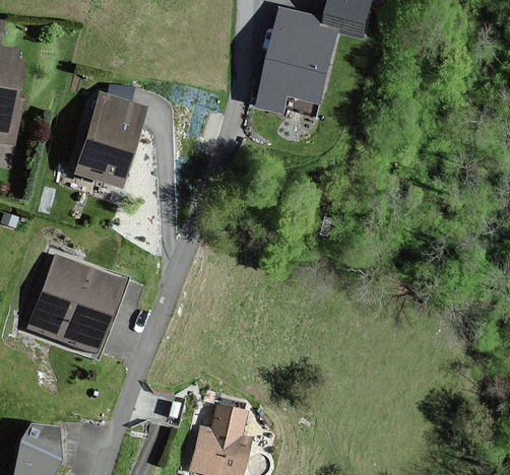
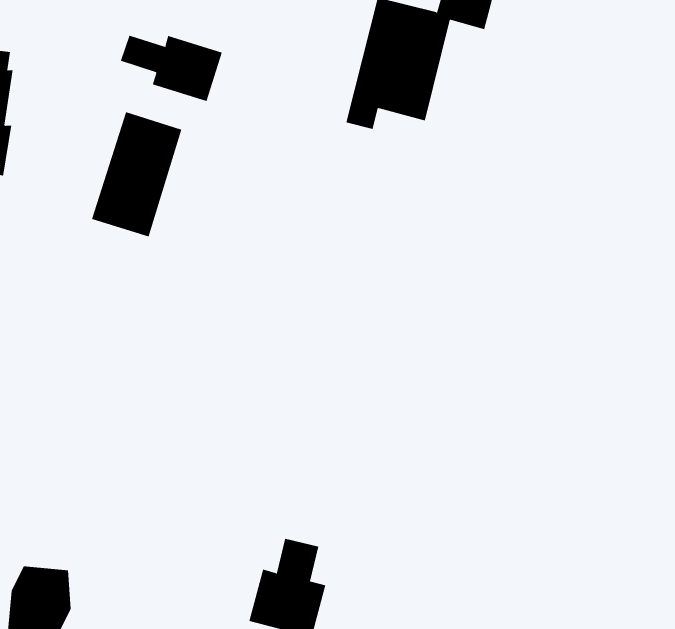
building: none -> [120,35,222,102]
building: [33,259,121,348] -> none

